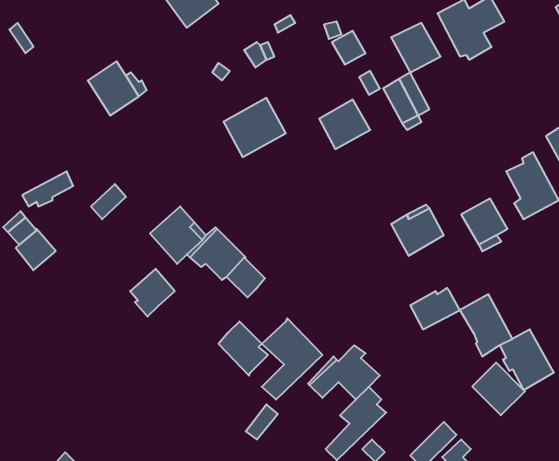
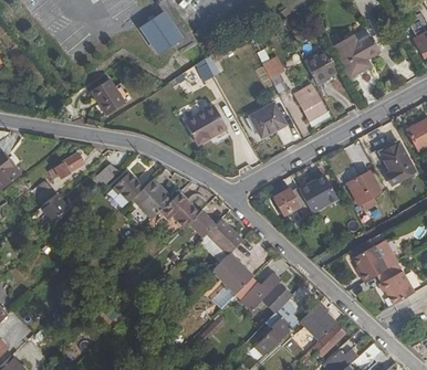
building: [130,269,175,317] -> [114,170,145,203]
building: [410,288,460,329] -> [273,186,308,214]
building: [219,321,268,376] -> [207,219,241,256]
building: [472,363,525,415] -> [300,303,336,339]

